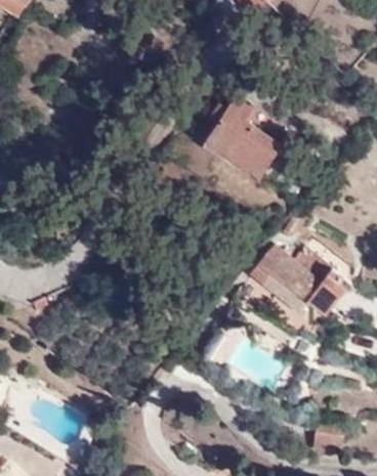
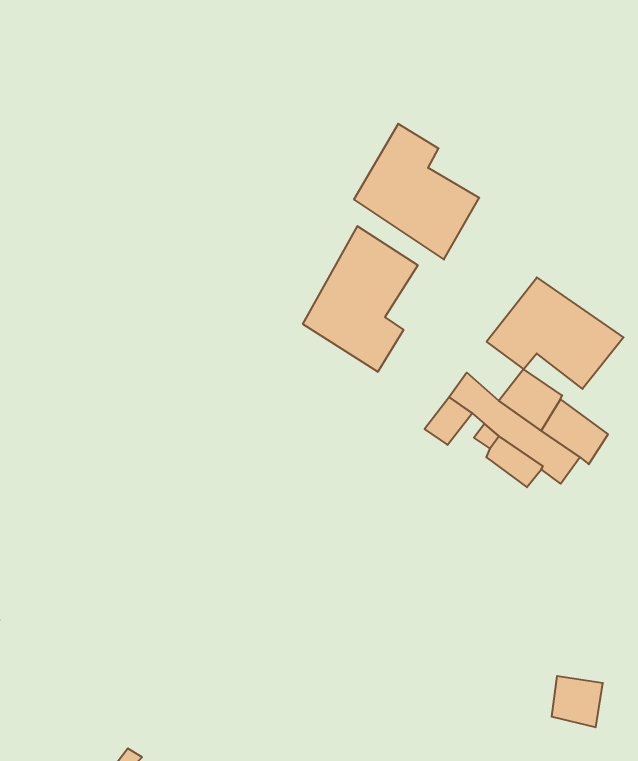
building: none -> [303,226,418,372]
building: none -> [487,277,624,389]

